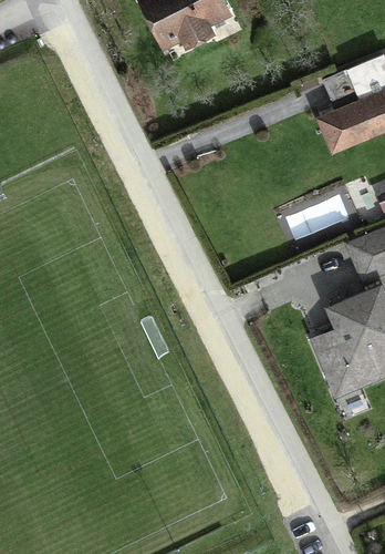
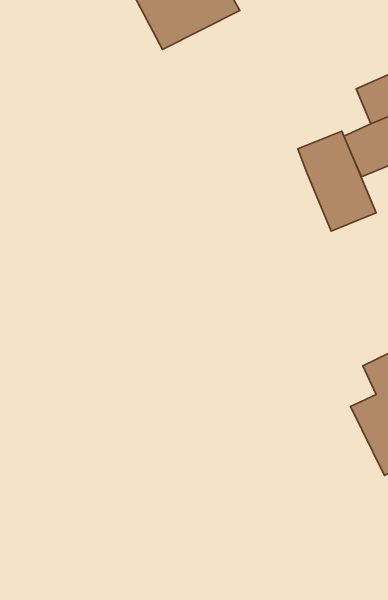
building: none -> [298,131,376,231]

